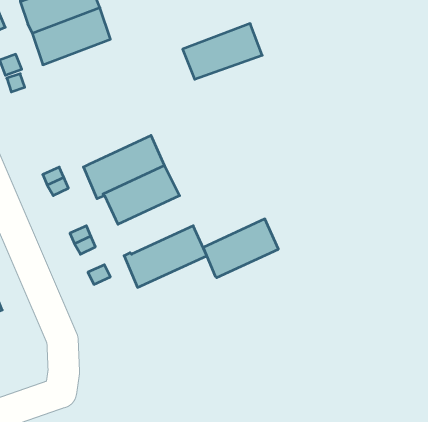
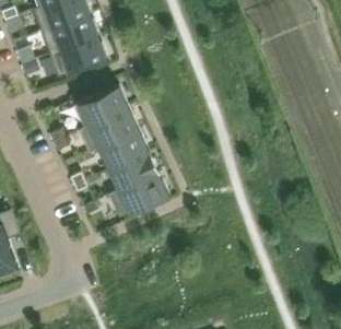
building: [183,24,262,79] -> [50,37,108,78]
building: none -> [74,86,129,128]
building: [203,219,278,278] -> [105,151,160,193]

